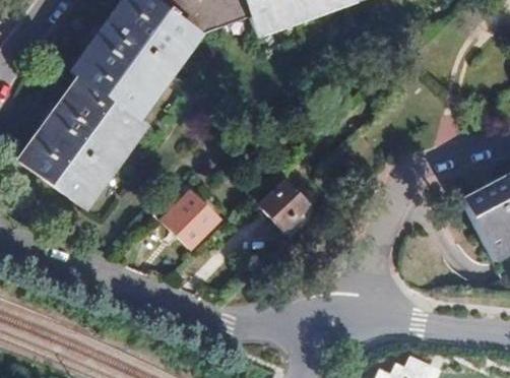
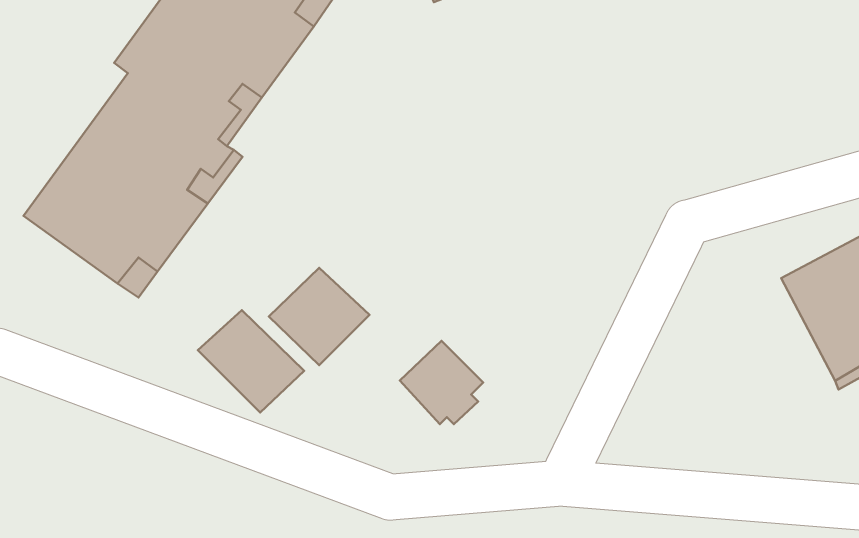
building: [262,182,311,231] -> [400,341,483,424]
building: none -> [198,310,304,413]

